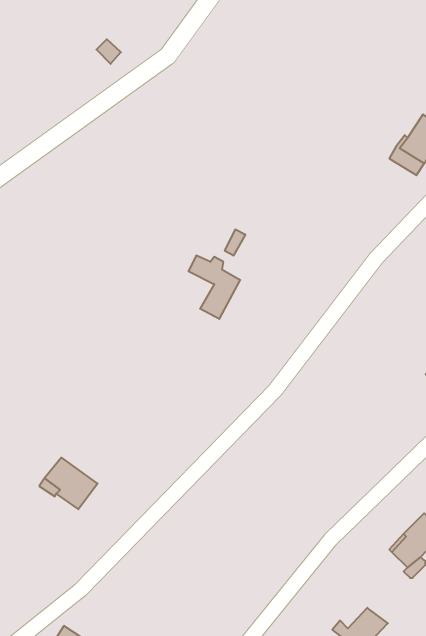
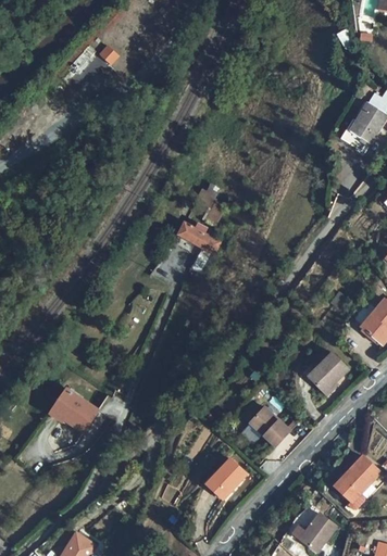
building: none -> [313,352,354,392]
building: none -> [249,404,291,446]
building: none -> [202,462,241,498]

